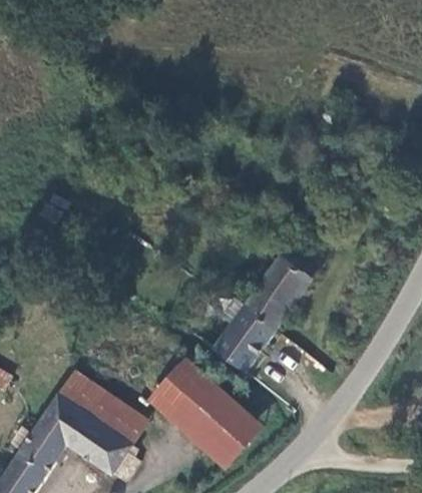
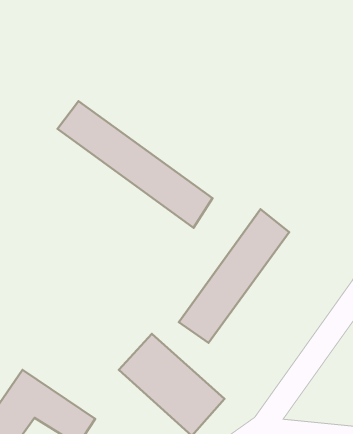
building: none -> [57,101,213,228]
building: [55,374,144,447] -> none

